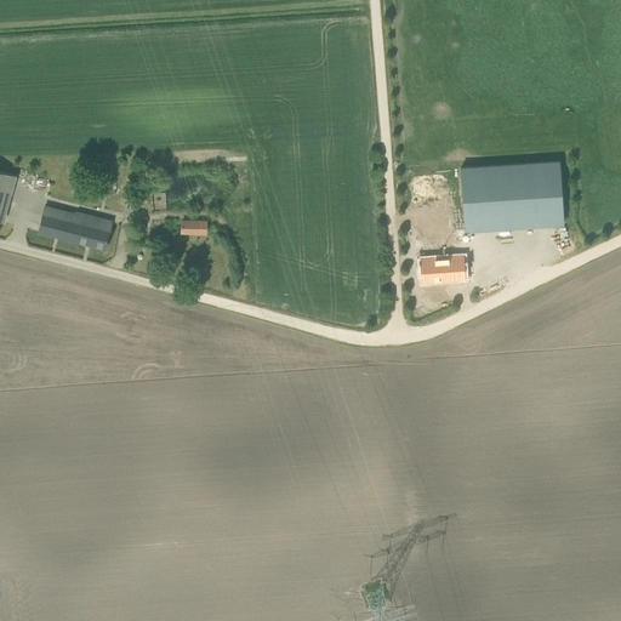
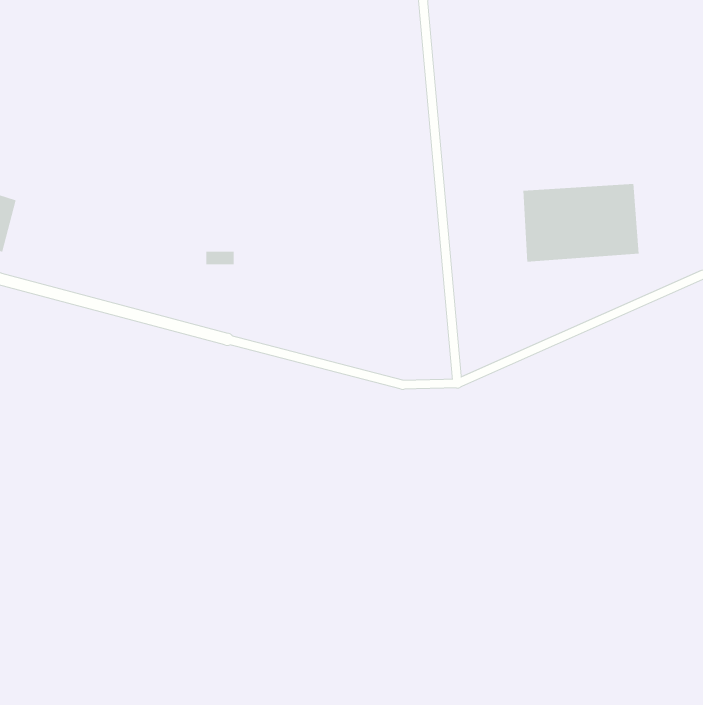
building: [39,207,110,247] -> none
building: [420,256,463,280] -> none

